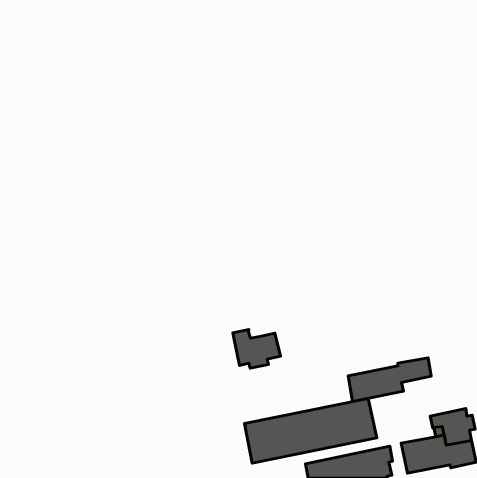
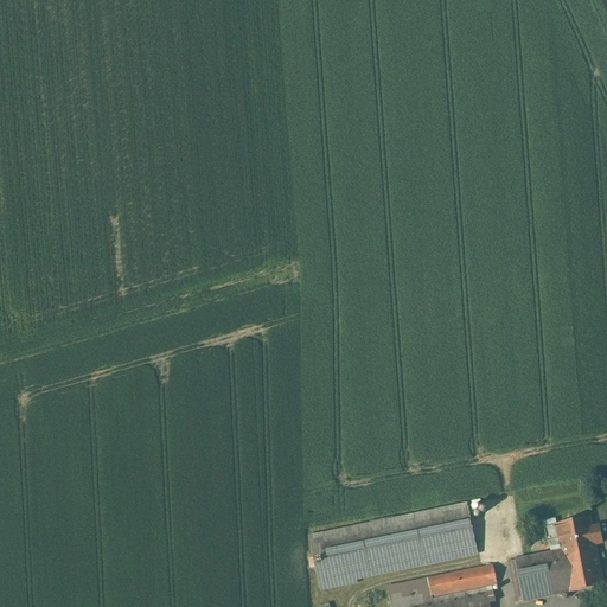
building: [233,330,280,368] -> none
building: [348,358,431,402] -> none

